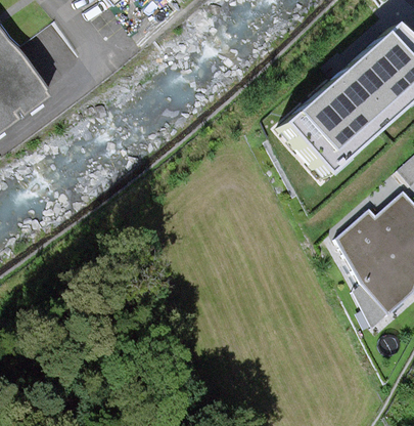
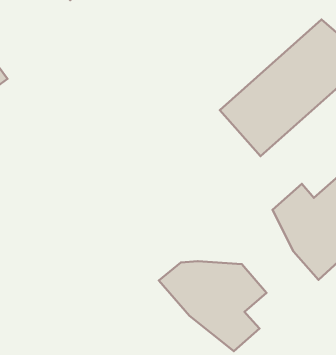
building: none -> [159,261,267,351]

